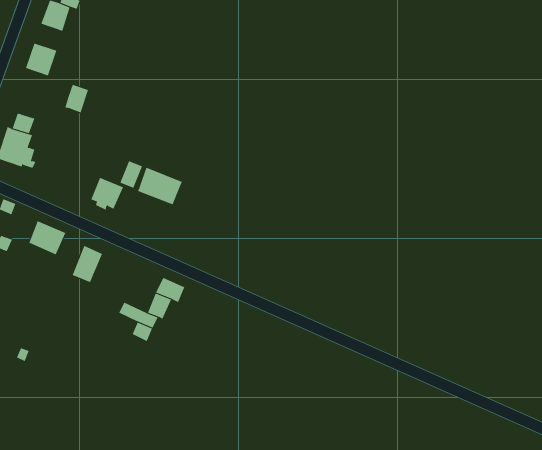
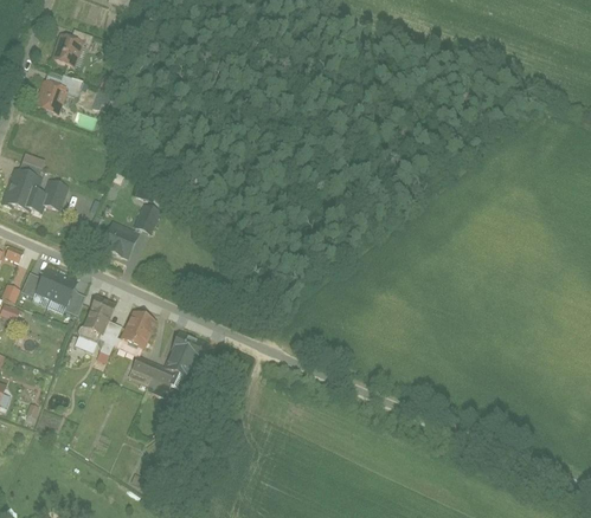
building: [64,84,89,113] -> [40,180,66,211]
building: [138,167,182,205] -> none
building: none -> [120,310,155,349]

